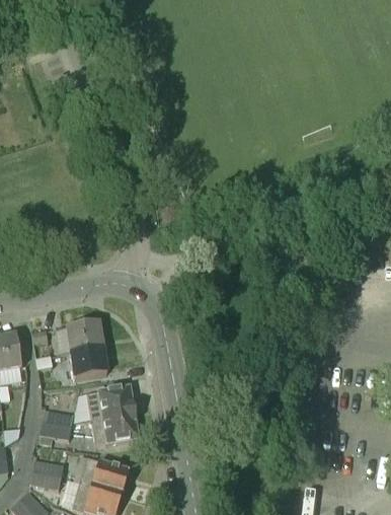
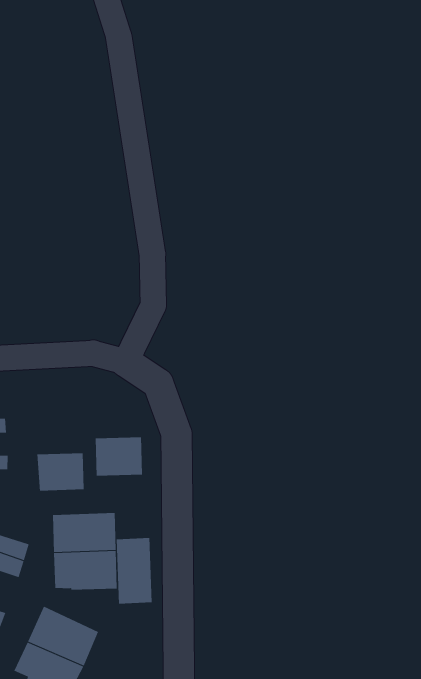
building: [66,321,102,353] -> [95,437,143,476]
building: none -> [116,537,152,604]

